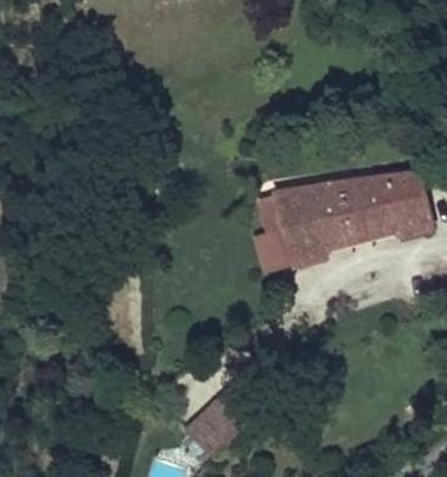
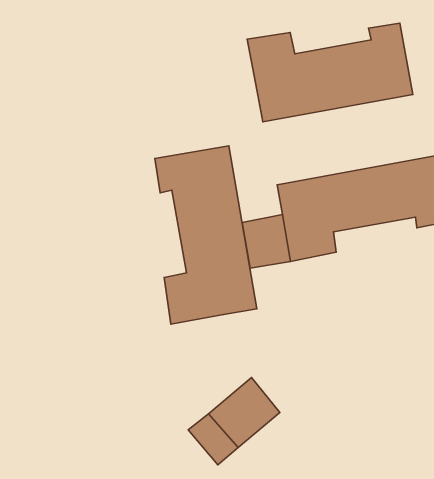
building: none -> [247,23,413,122]
building: none -> [155,146,257,324]

